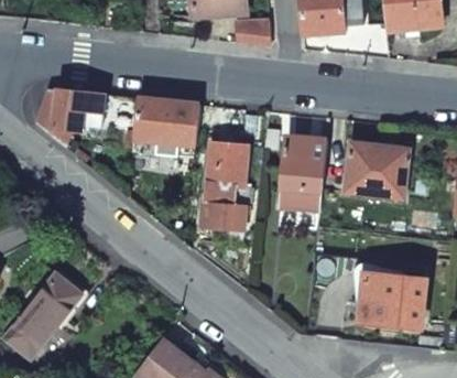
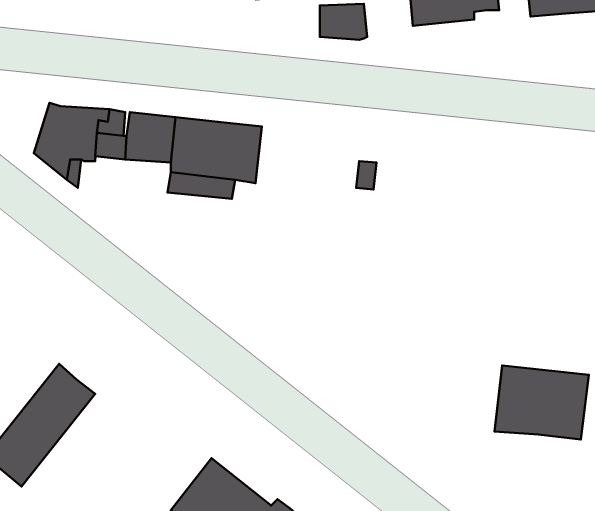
building: [279,138,324,213] -> none
building: [200,144,251,233] -> none
building: [346,144,409,198] -> none

